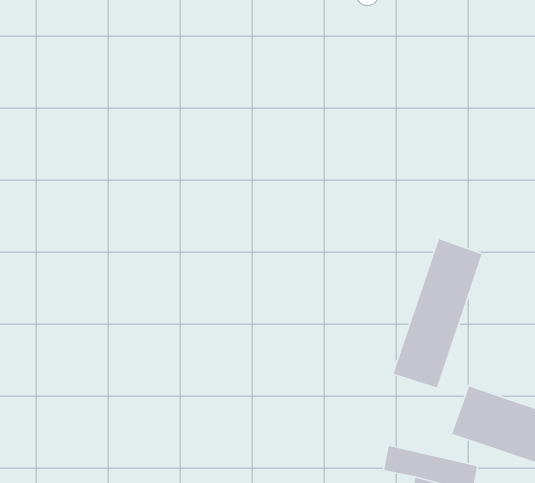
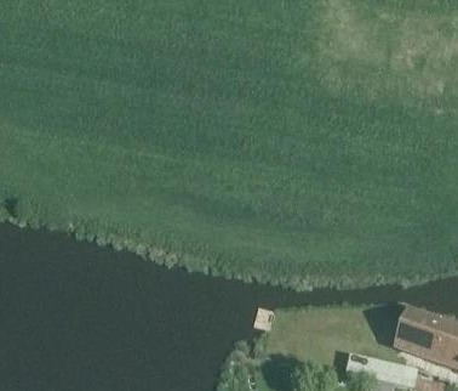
building: [392,238,482,388] -> none

